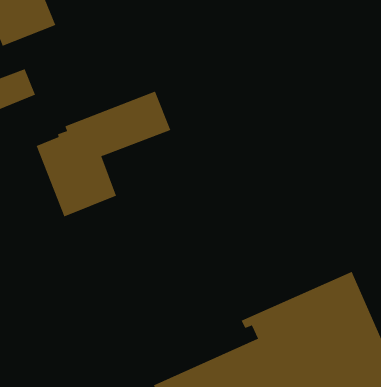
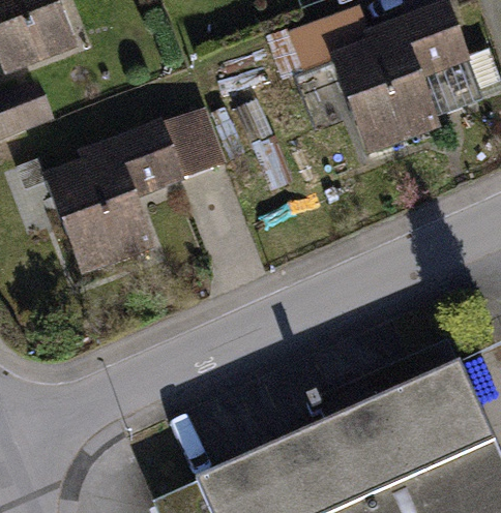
building: none -> [292,10,467,155]

